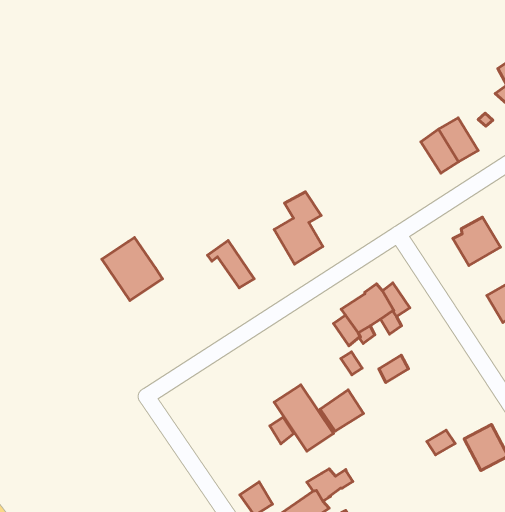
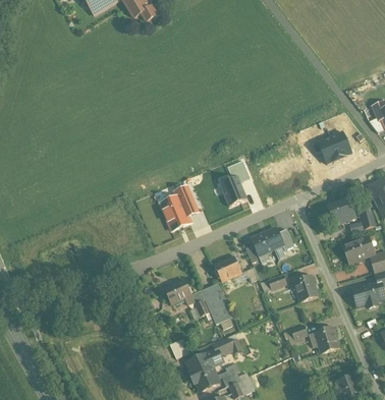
building: [102,237,162,301] -> [158,194,194,233]
building: none -> [294,275,319,301]
building: none -> [164,279,193,304]
building: [320,390,364,431] -> [215,256,241,281]

